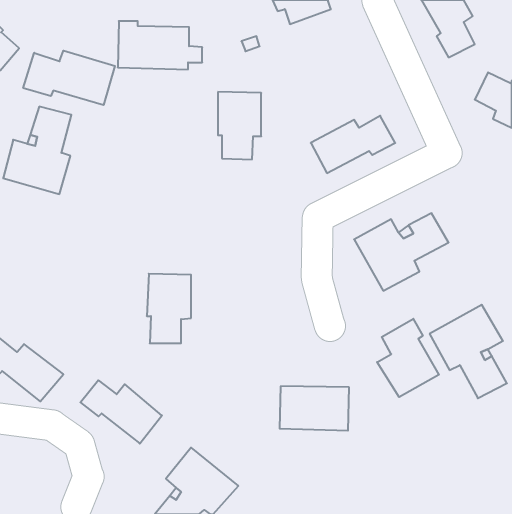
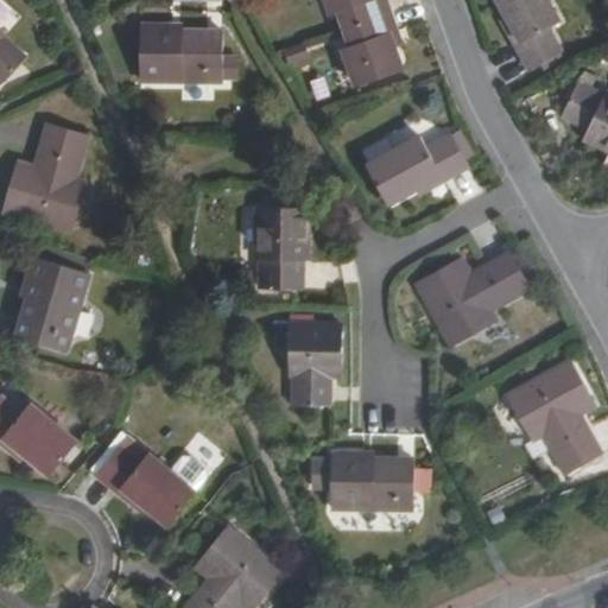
building: none -> [342,11,400,86]
building: [23,51,115,105] -> none
building: [218,92,261,159] -> [254,207,305,286]
building: none -> [19,259,86,352]
building: [147,274,191,343] -> [289,323,341,405]
building: [377,319,439,397] -> none

